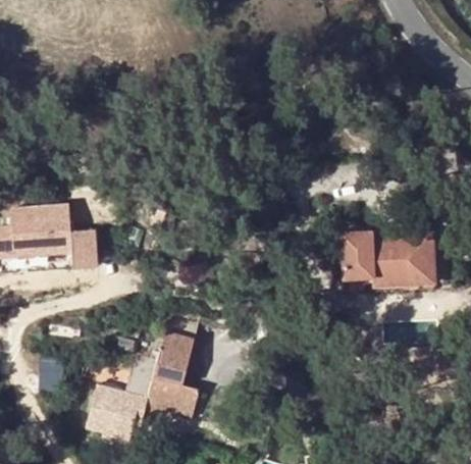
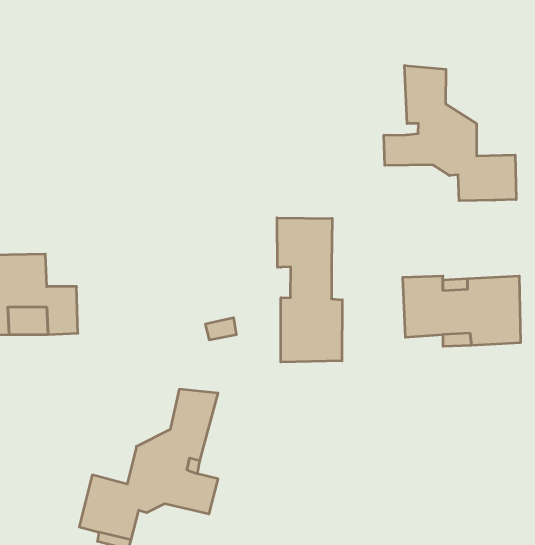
building: none -> [384,65,516,201]
building: none -> [277,218,342,362]

